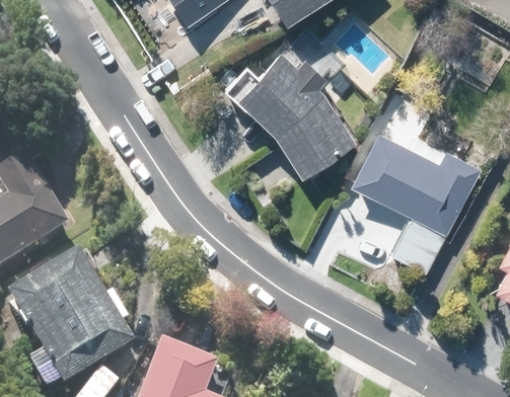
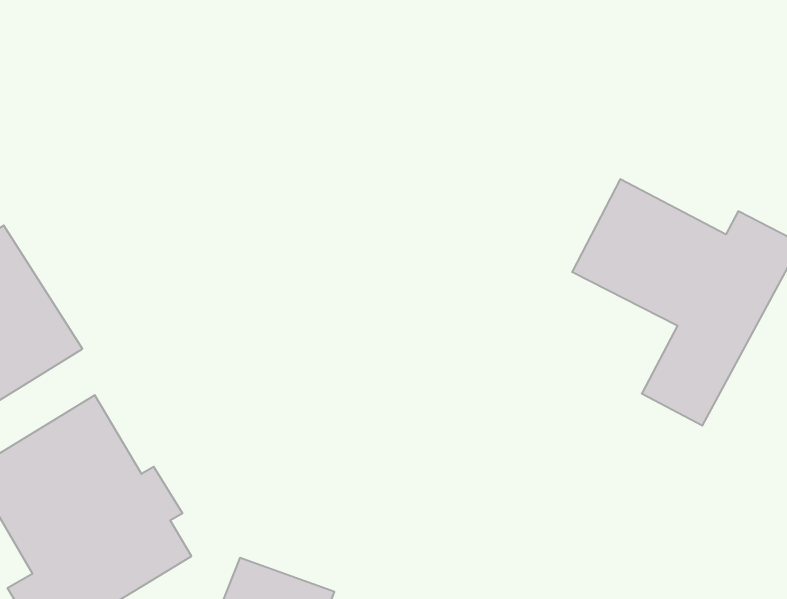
building: [238,56,359,179] -> none

